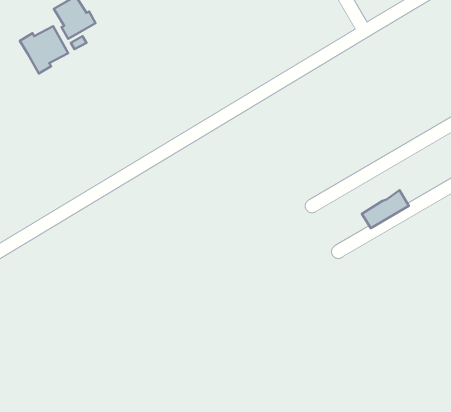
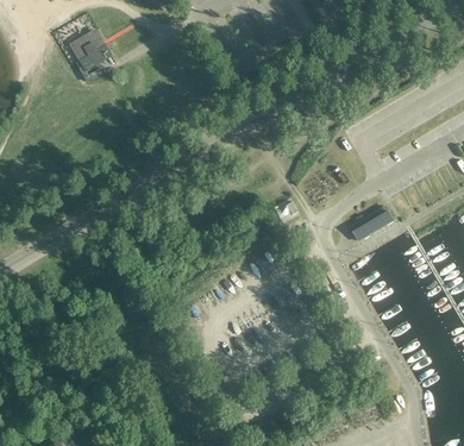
building: [20,26,68,74] -> none

